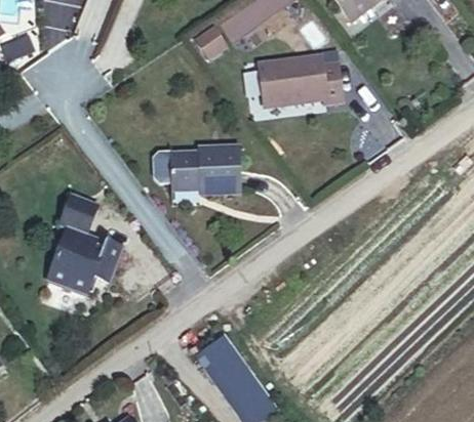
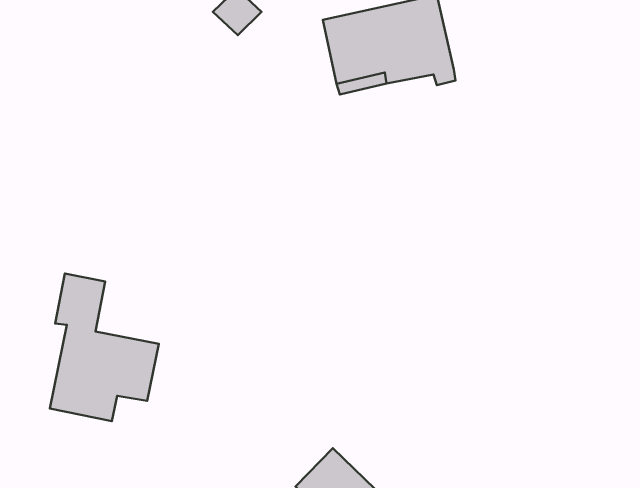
building: [169,144,240,192] -> none

